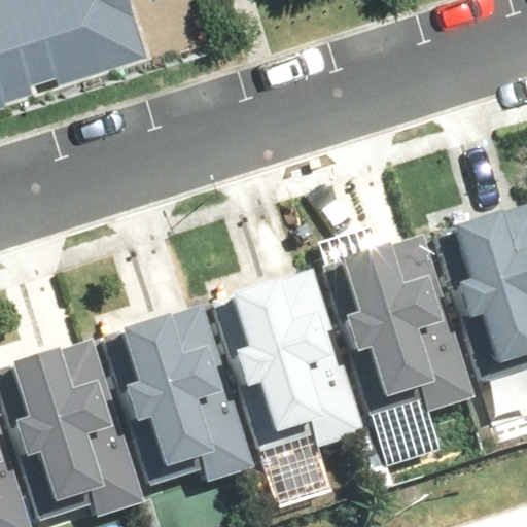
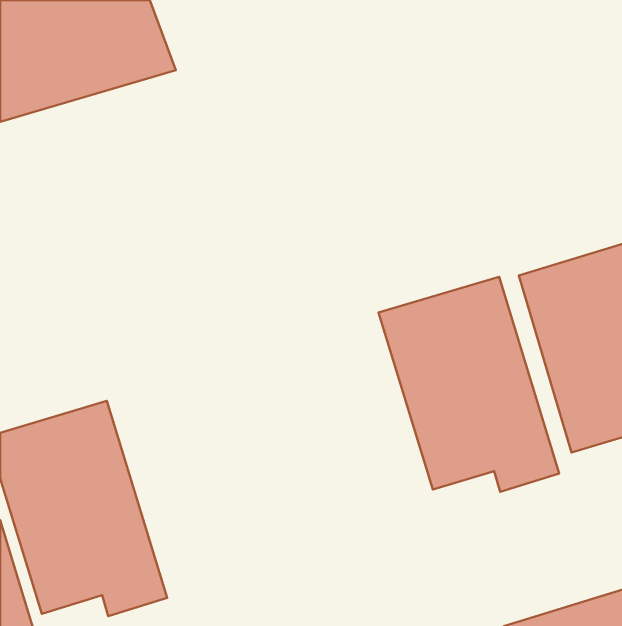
building: [215,269,365,449] -> none
building: [103,302,254,482] -> none

